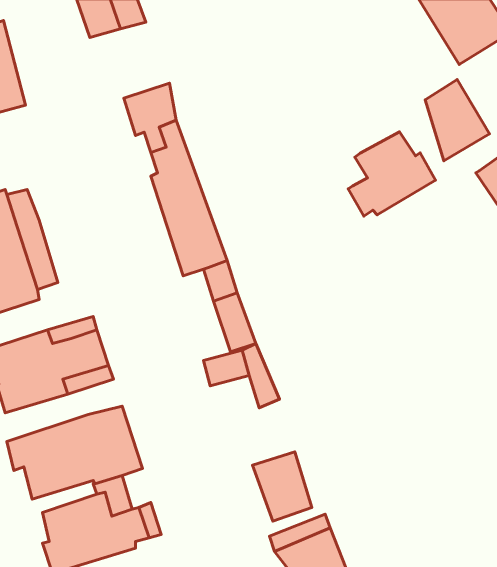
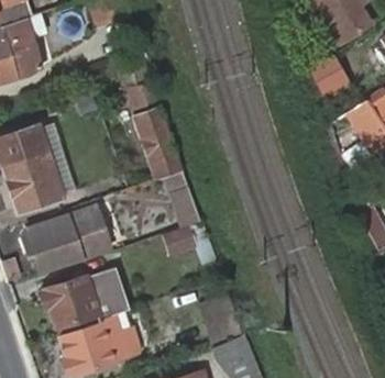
building: [348,132,436,216] -> none

